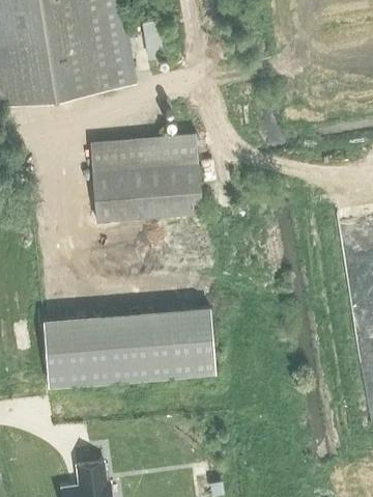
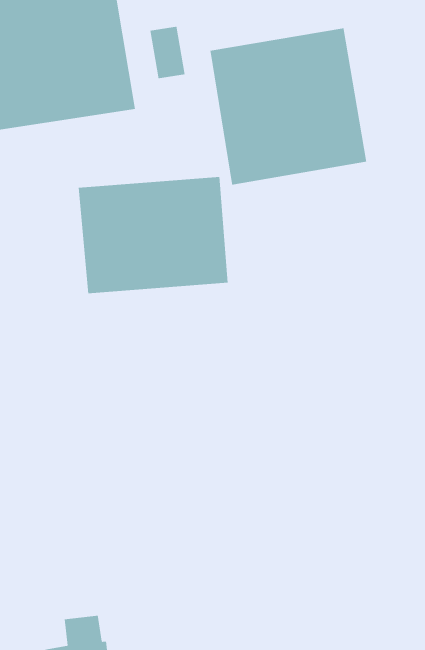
building: none -> [210,27,367,185]
building: [45,310,216,386] -> none

